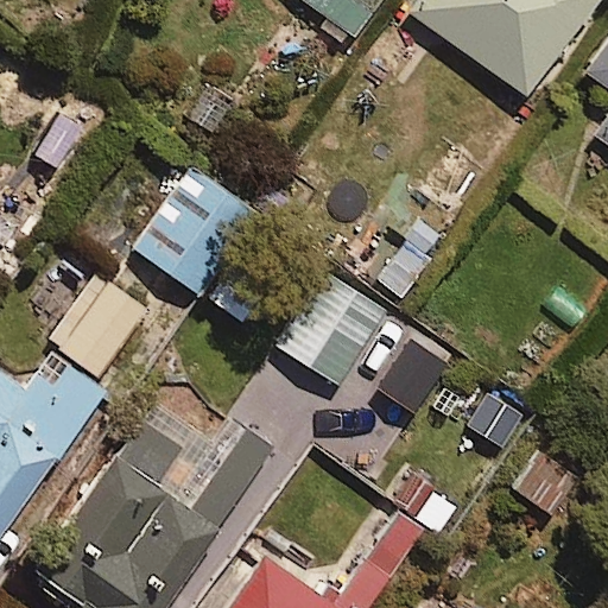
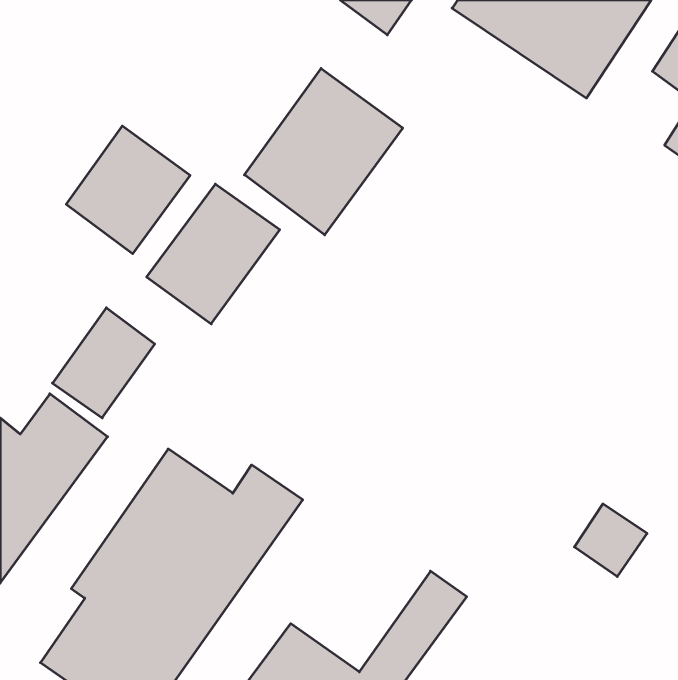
building: none -> [244,68,403,235]
building: none -> [66,126,190,254]
building: [279,273,386,385] -> none

